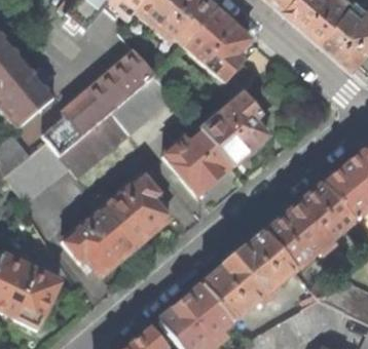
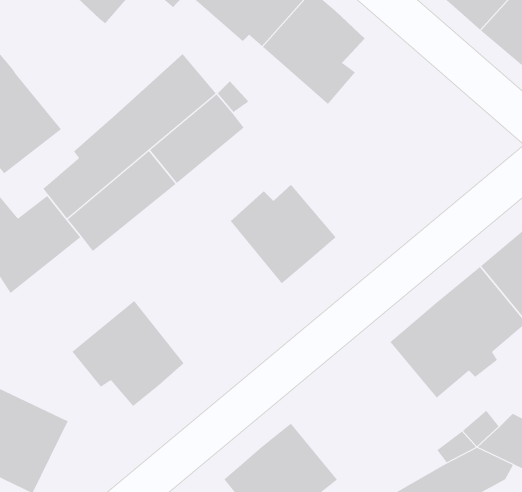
building: [200,92,269,166] -> none
building: [103,172,170,246] -> none
building: [203,233,295,320] -> none

